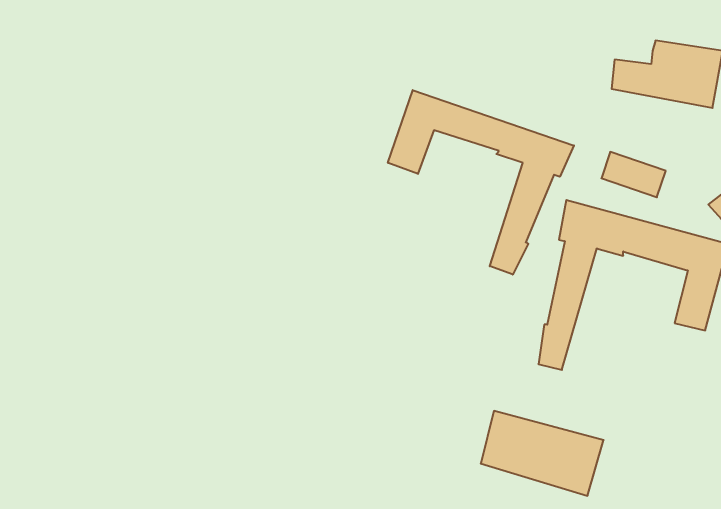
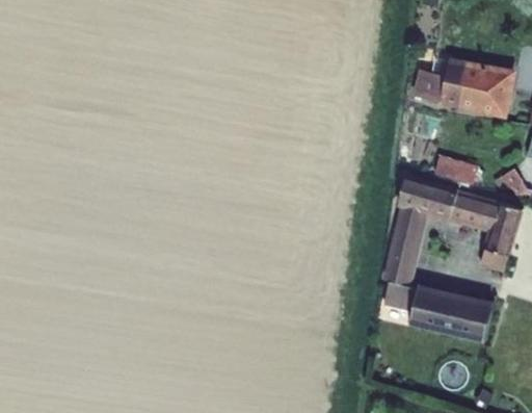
building: [388,90,574,275] -> none
building: [481,411,604,496] -> [406,285,494,345]

